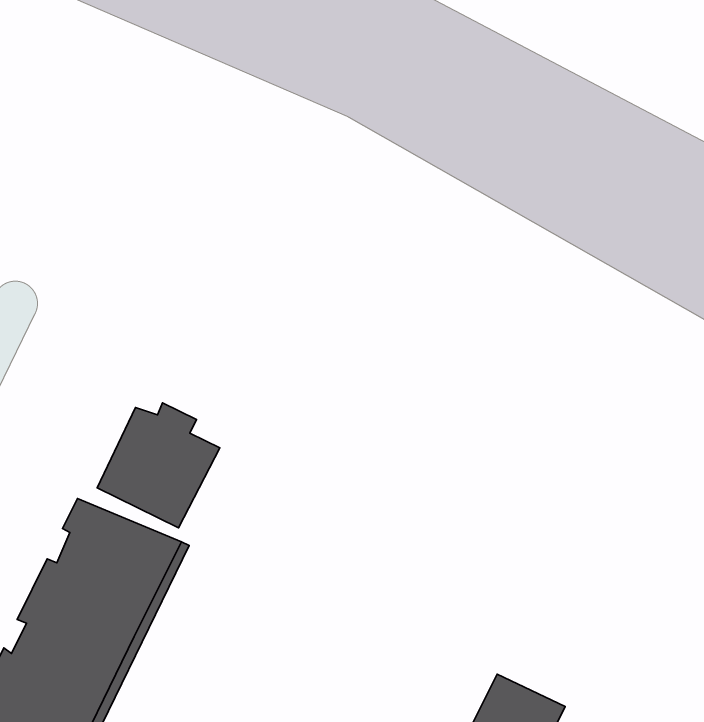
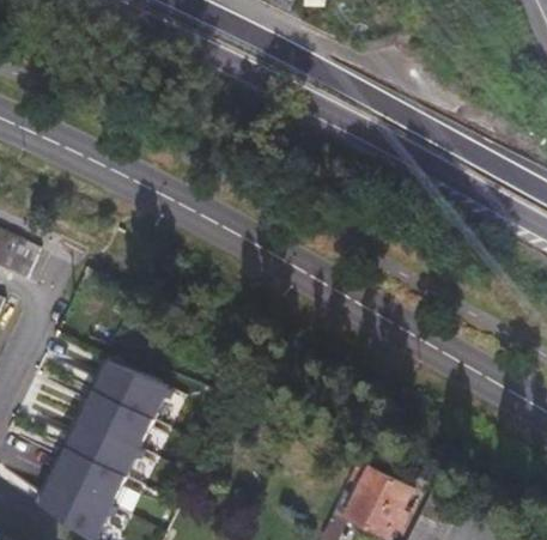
building: [97,403,220,528] -> none

